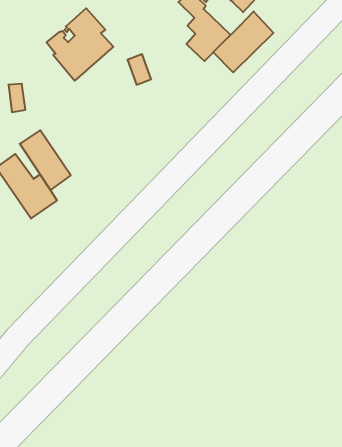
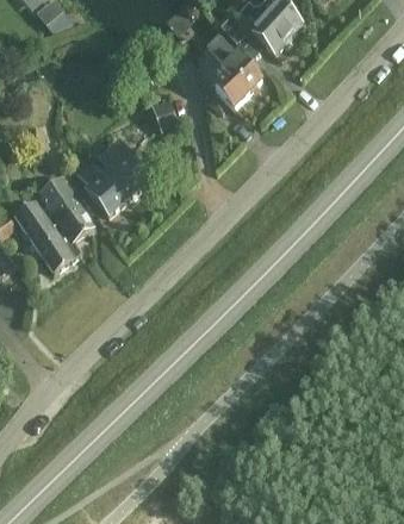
building: [47,8,113,81] -> [77,138,148,214]
building: [213,11,273,72] -> none

